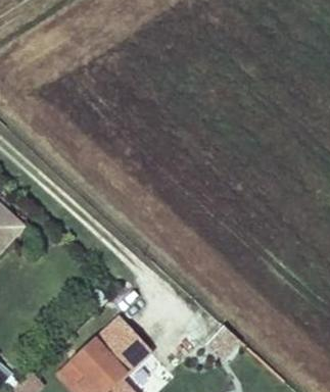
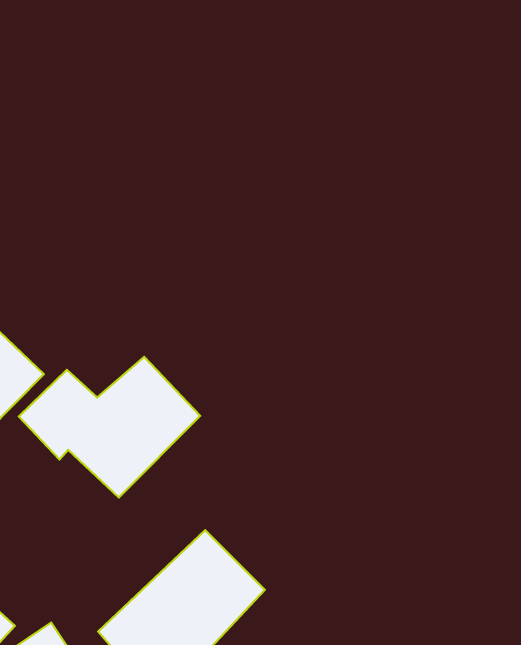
building: none -> [19,357,200,497]

